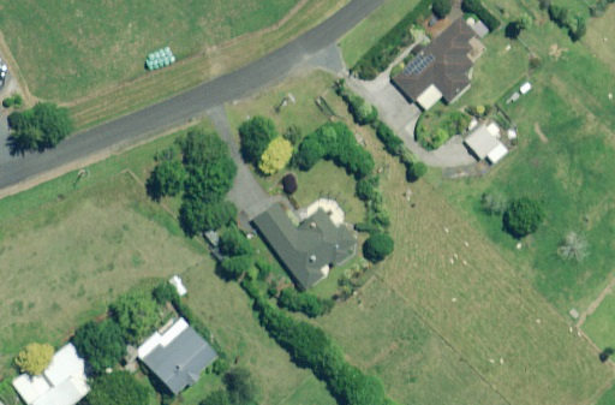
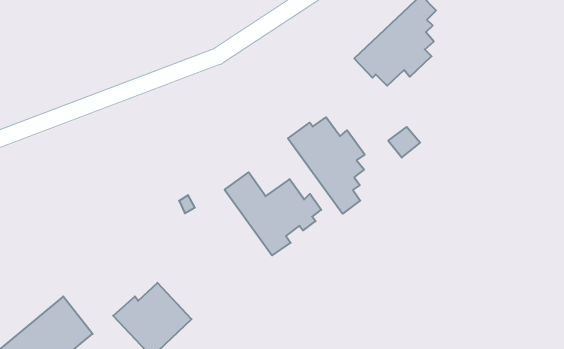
building: [465,125,498,157] -> [388,127,420,158]
building: none -> [288,117,365,214]

